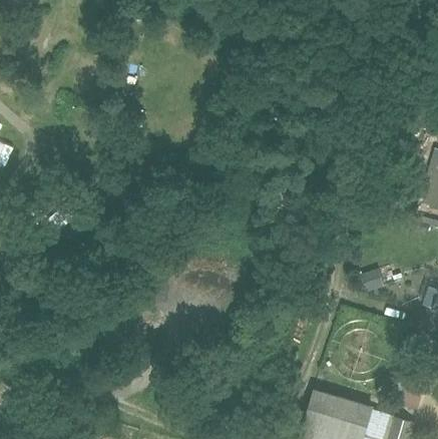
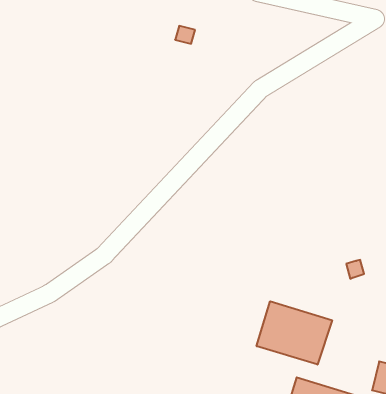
building: none -> [257,301,332,365]

